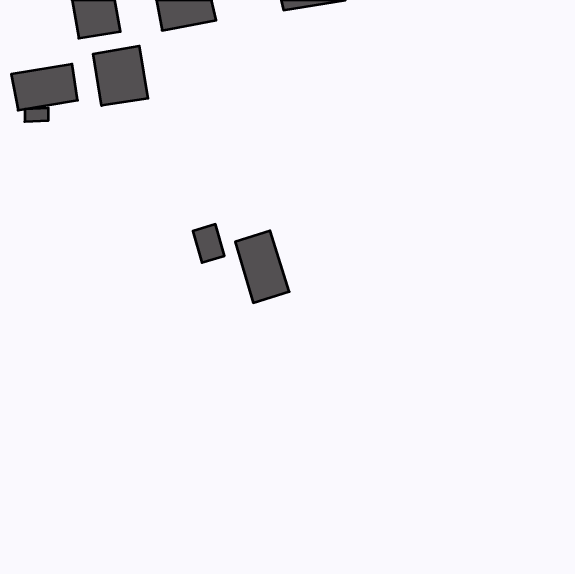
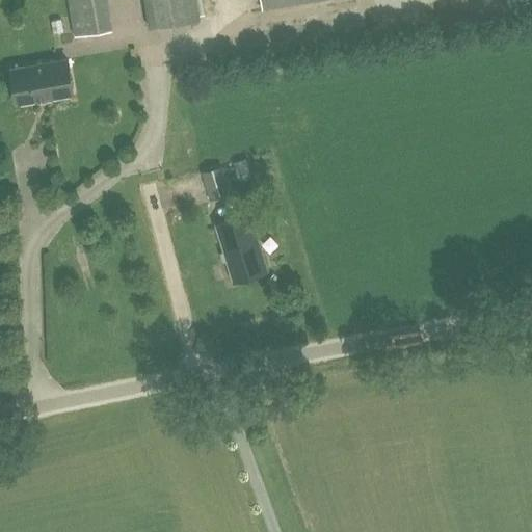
building: [93,46,148,106] -> none
building: [193,224,224,263] -> [202,165,231,201]

